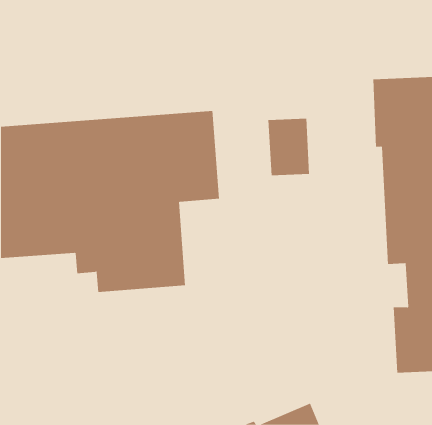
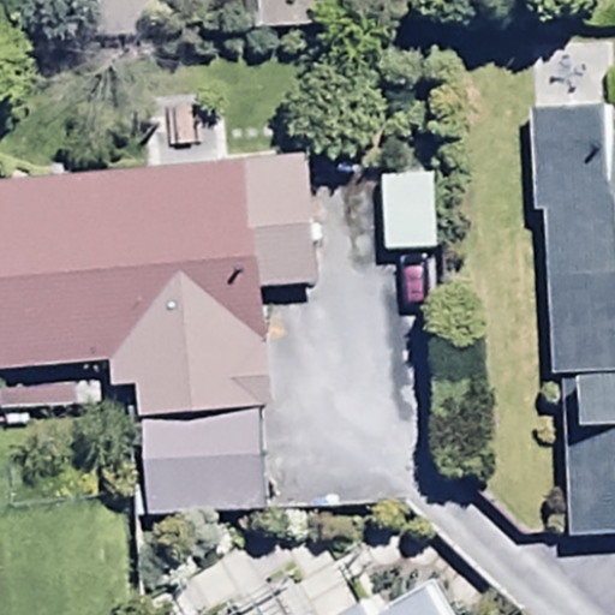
building: none -> [143,417,262,513]

